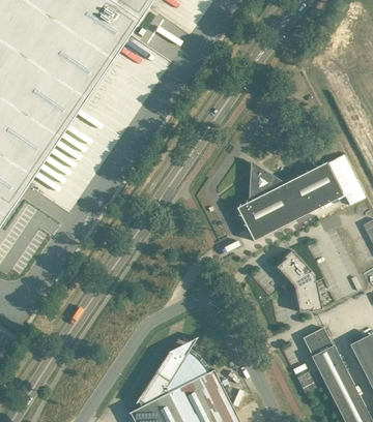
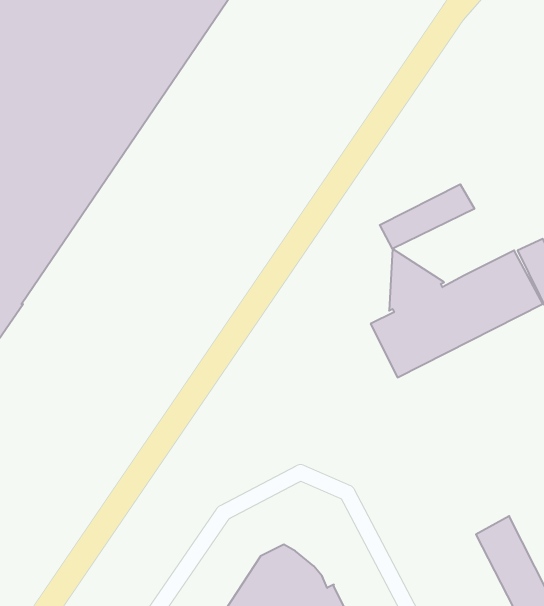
building: none -> [380,184,474,249]
building: [276,249,321,311] -> none

